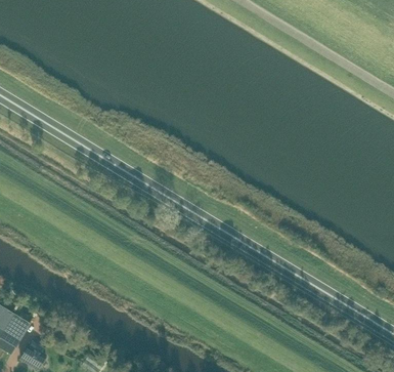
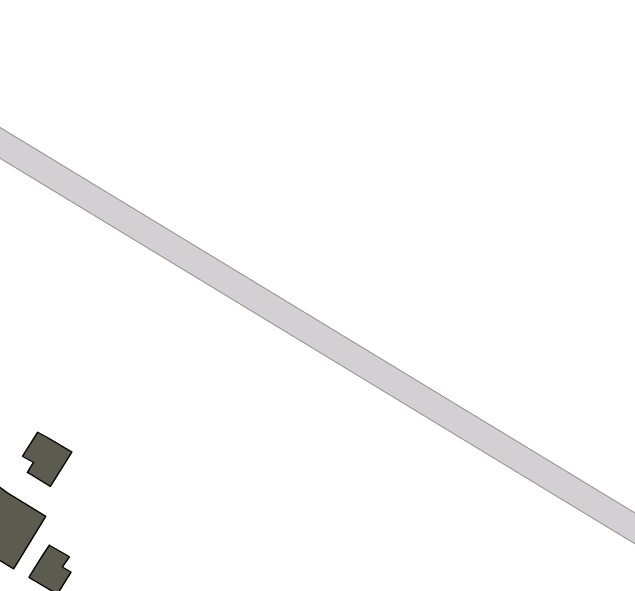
building: none -> [23,432,72,486]

